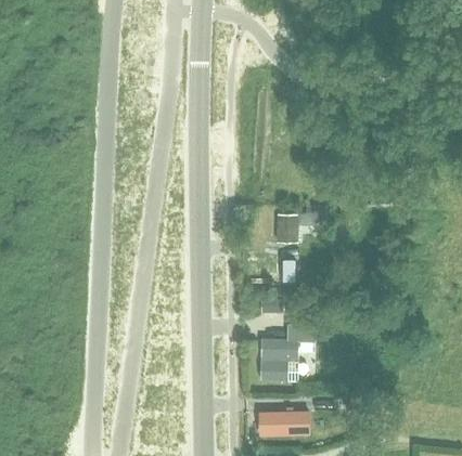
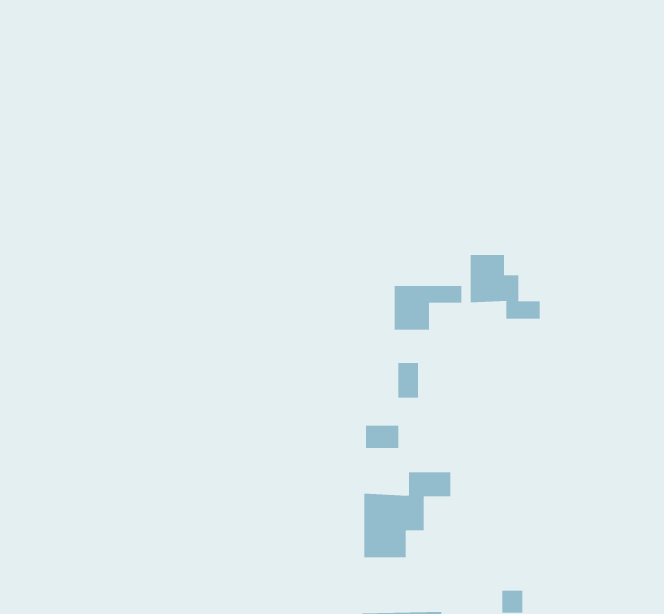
building: none -> [470,254,540,320]

